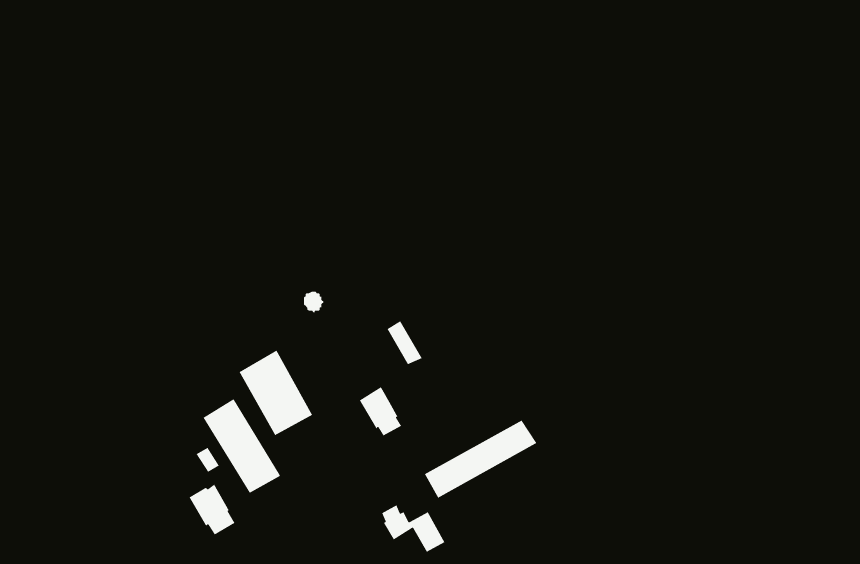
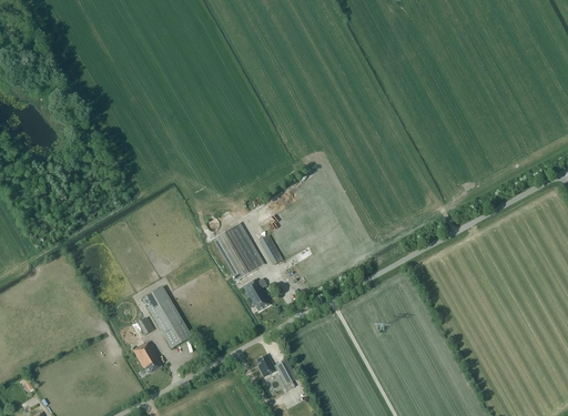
building: [238,349,313,436] -> [213,224,261,280]
building: [424,419,537,499] -> none

